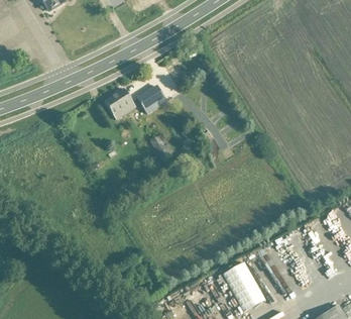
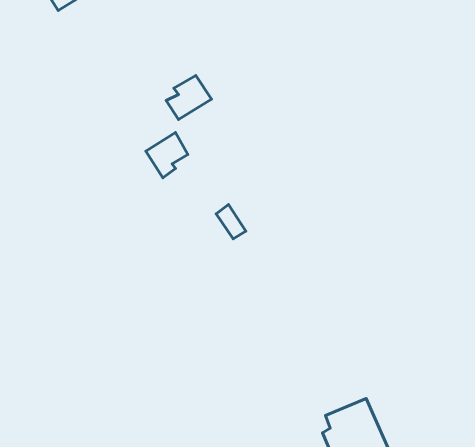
building: [135,87,164,115] -> [166,76,211,119]

